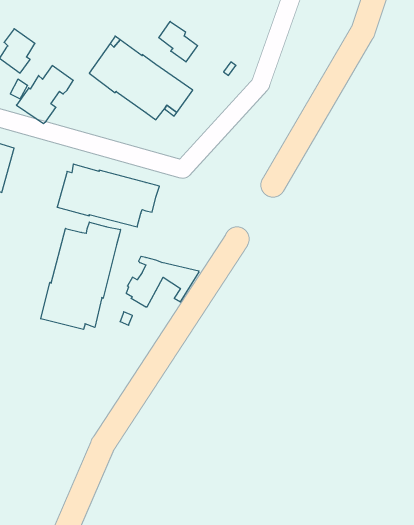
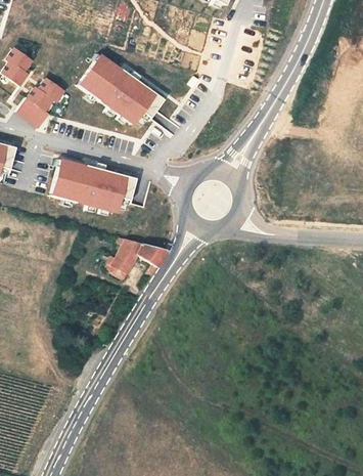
building: [159,21,198,62] -> none
building: [41,222,120,329] -> none

